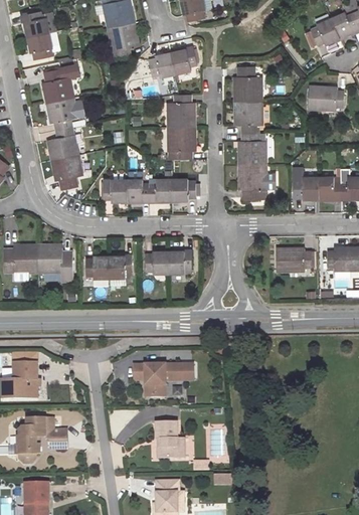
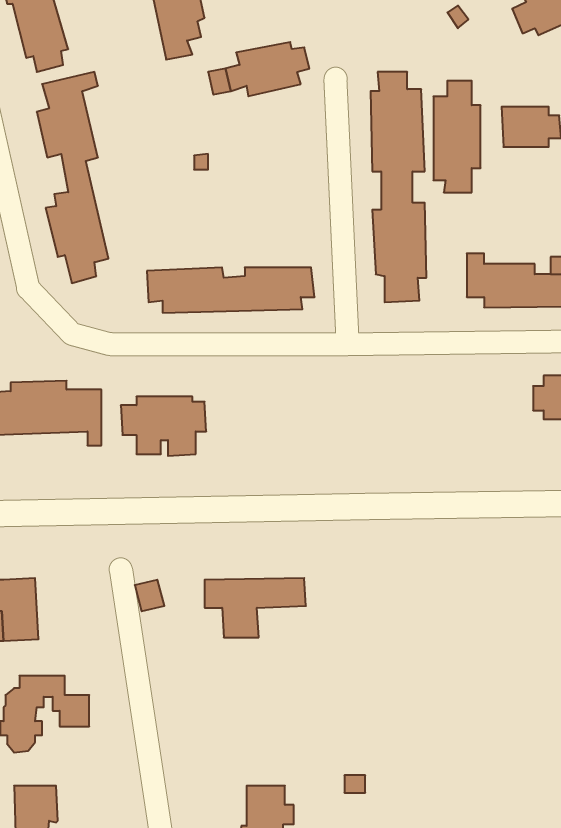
building: [166,95,193,159] -> [433,81,481,192]
building: [275,246,308,270] -> none
building: [148,249,193,277] -> none
building: [159,419,183,456] -> none

